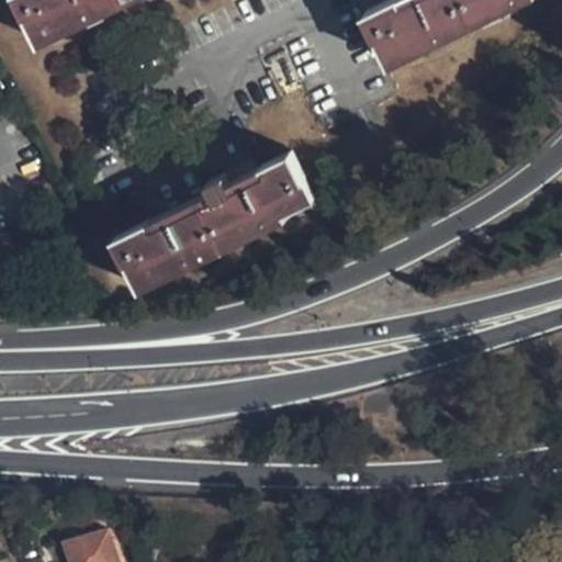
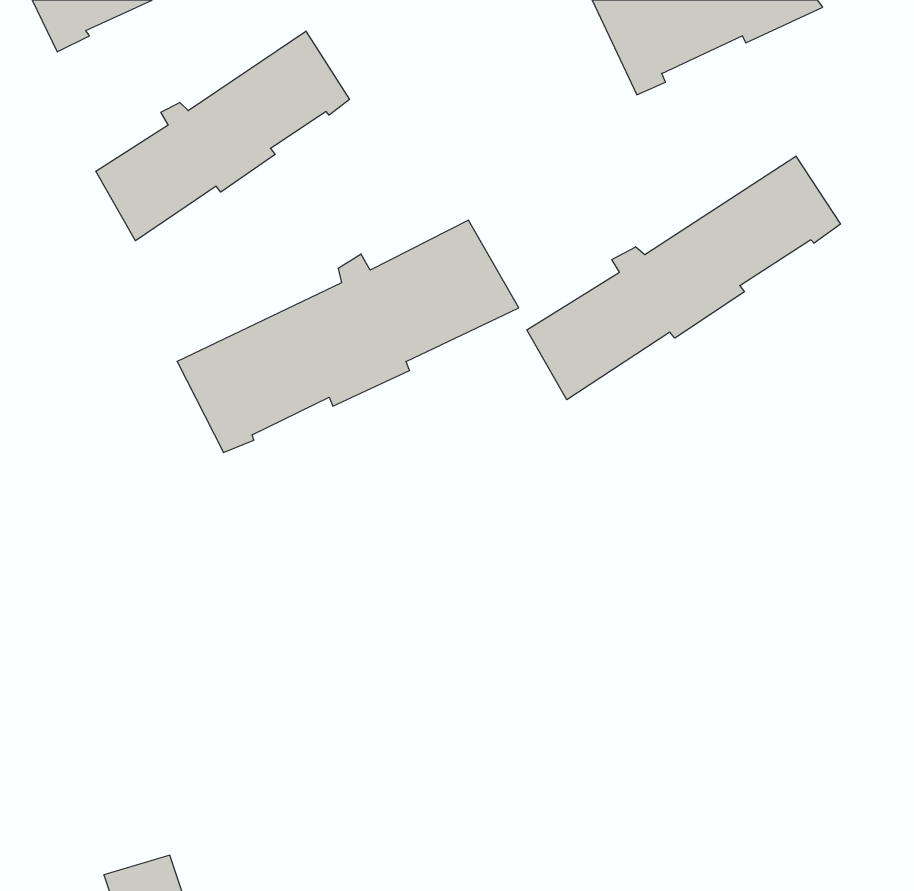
building: none -> [96,31,349,241]
building: none -> [527,156,840,400]

